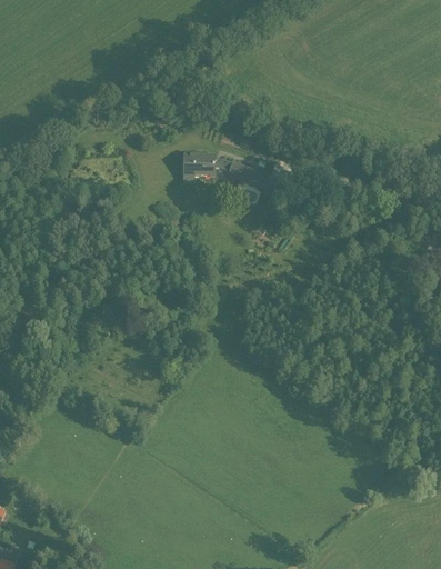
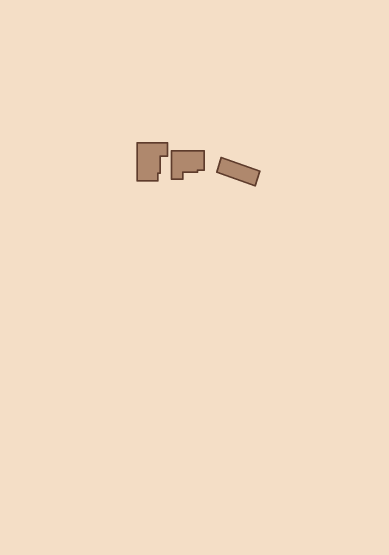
building: none -> [137,143,167,181]

